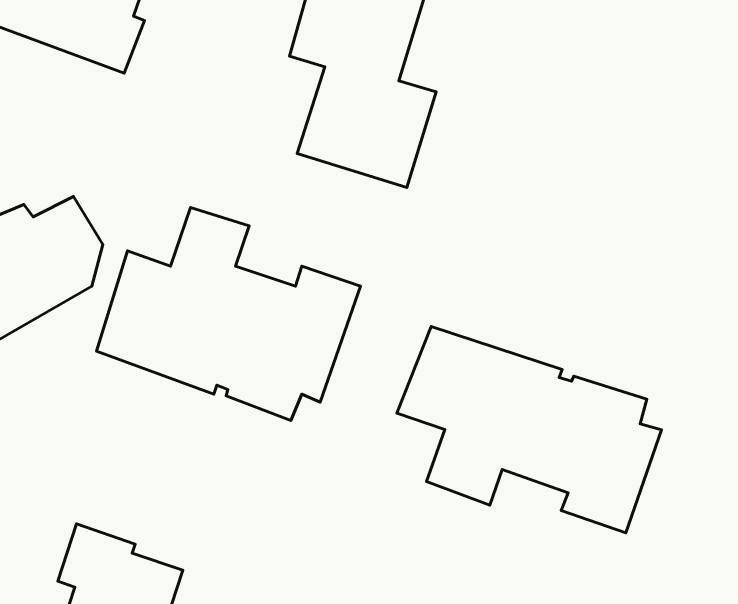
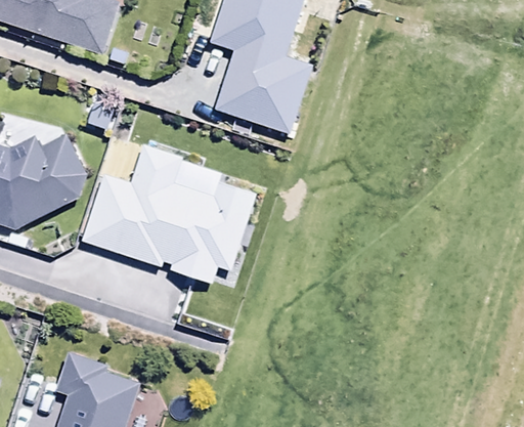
building: [397,326,661,533] -> none

